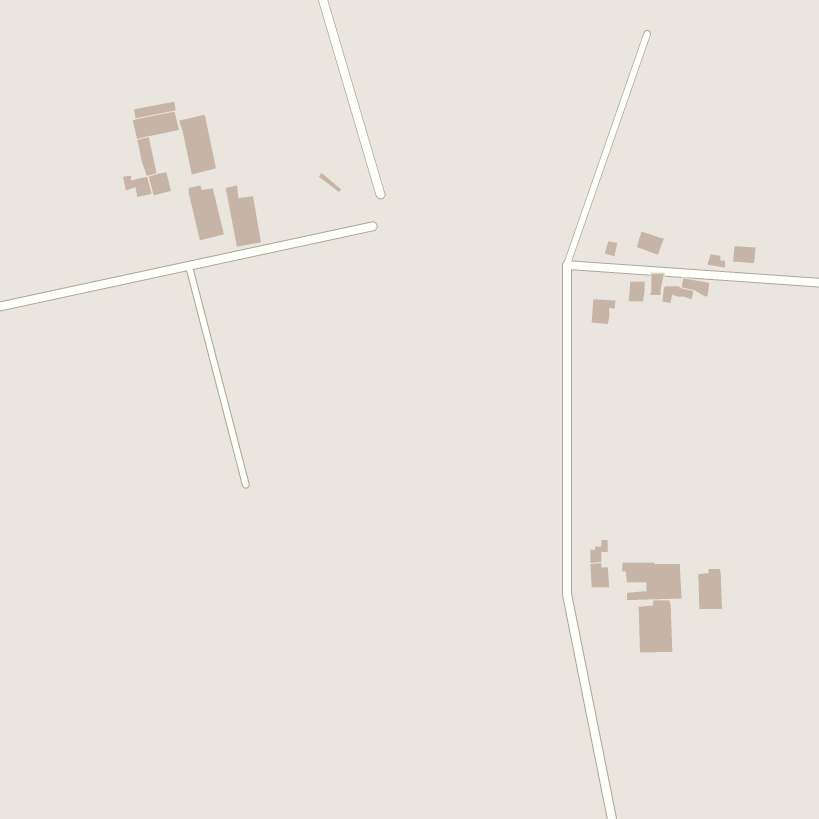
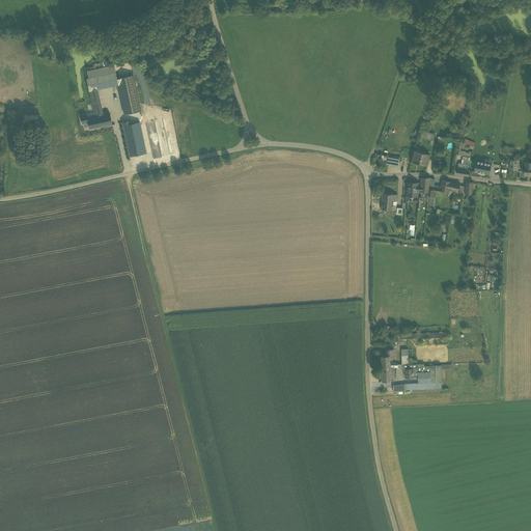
building: [698,568,722,610] -> none
building: [638,599,673,653] -> none

